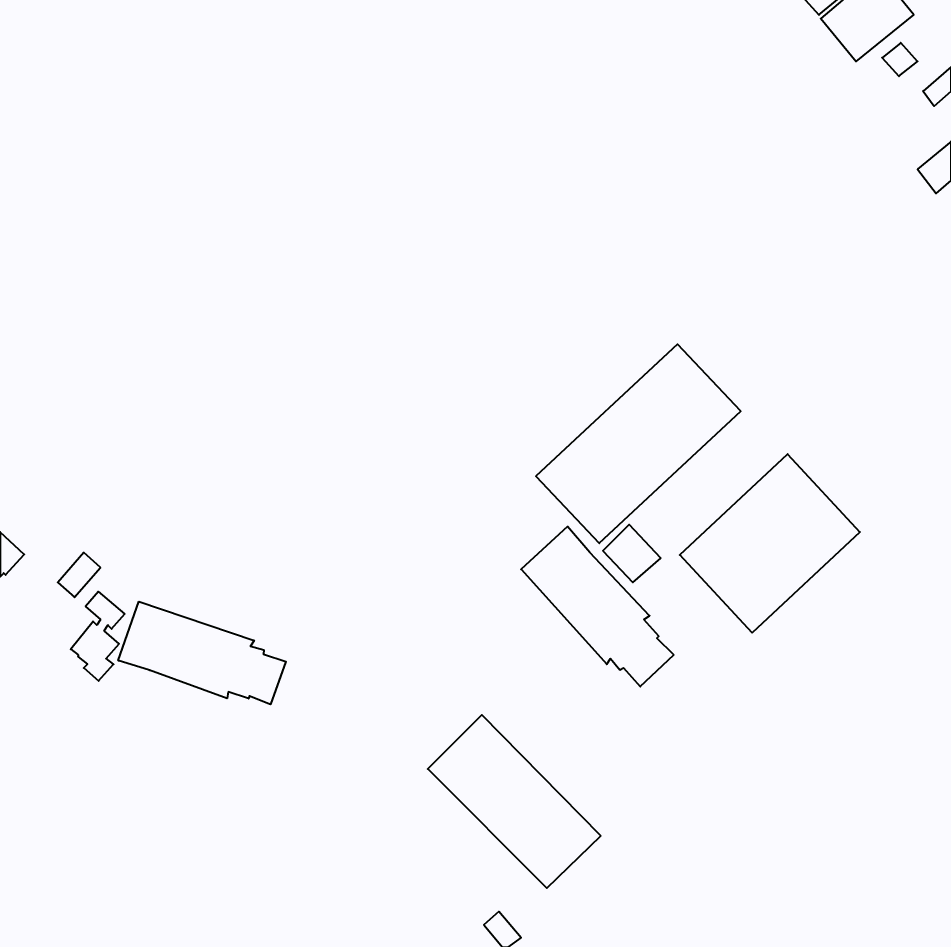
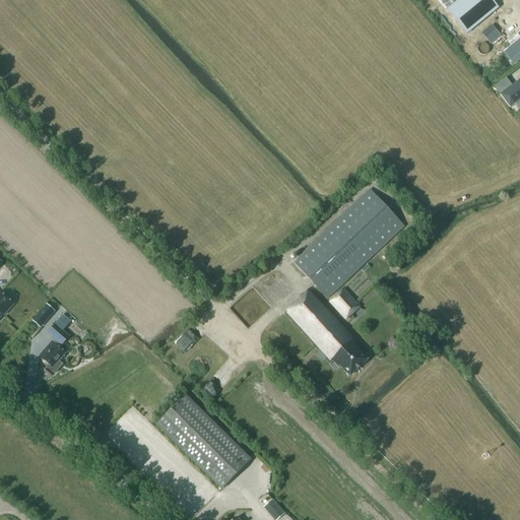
building: [680,454,860,633] -> none
building: [118,602,286,704] -> none
building: [428,715,601,888] -> [156,392,251,486]

